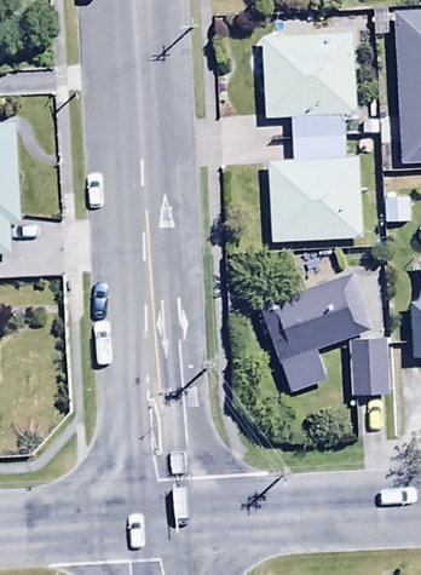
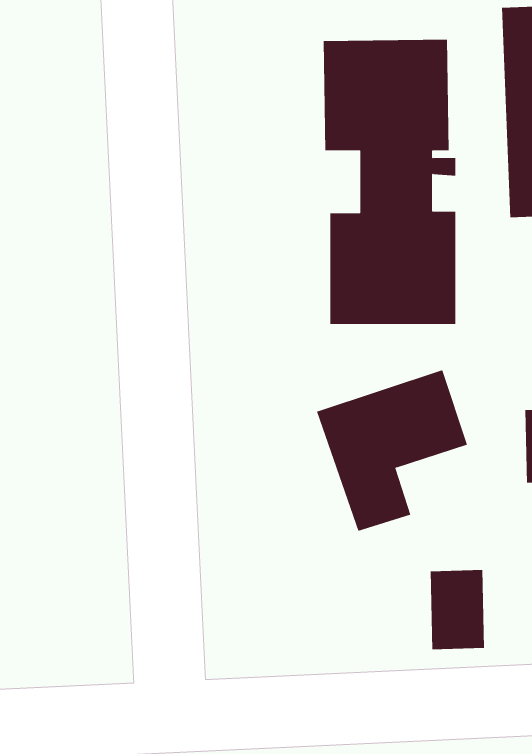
building: [351,338,391,396] -> [430,570,485,650]

